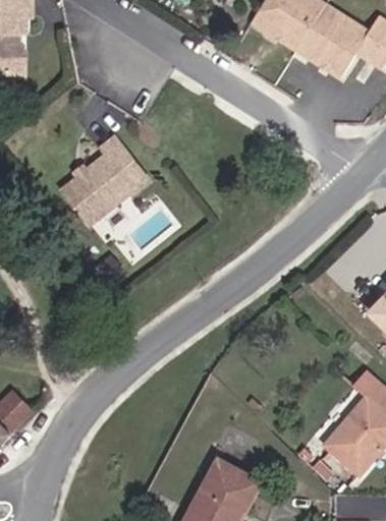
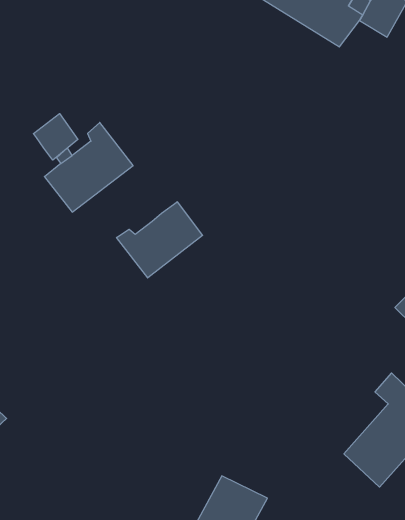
building: none -> [33,114,78,160]
building: none -> [117,202,203,278]

